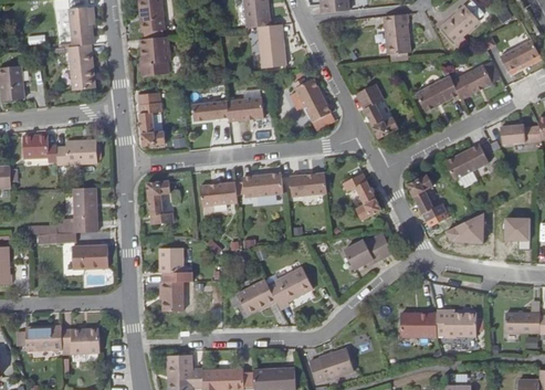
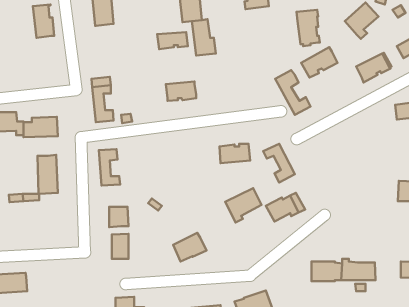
building: [140,36,170,77] -> none
building: [69,44,95,91] -> none
building: [417,75,460,112] -> [301,47,337,78]
building: [293,78,331,122] -> none
building: [192,102,229,122] -> [157,32,188,49]
building: [446,144,489,179] -> none
building: [242,172,283,197] -> none
building: [407,173,446,221] -> none
building: [200,180,237,205] -> none
building: [447,211,485,243] -> none
building: [72,246,108,270] -> none
building: [268,267,311,308] -> [225,188,262,222]
building: [61,328,98,354] -> none

